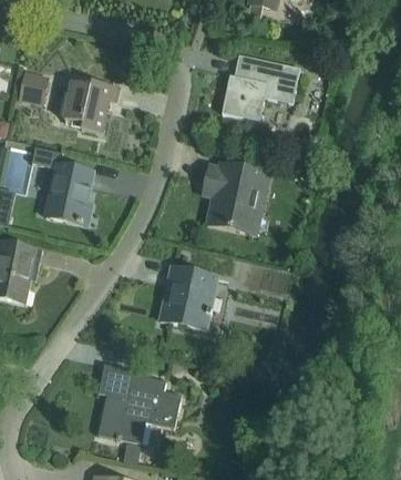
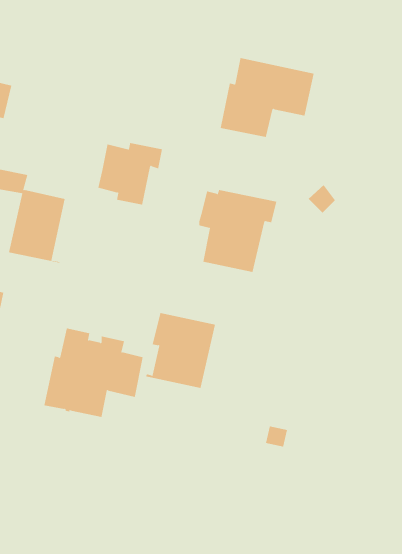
building: [64,81,119,133] -> [98,142,163,205]
building: [99,370,182,445] -> [43,328,143,417]

